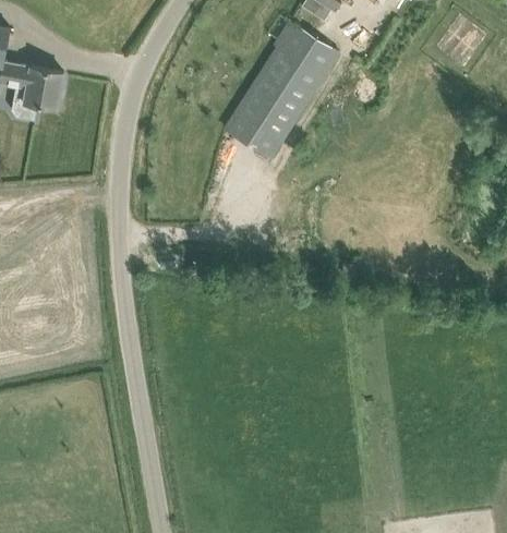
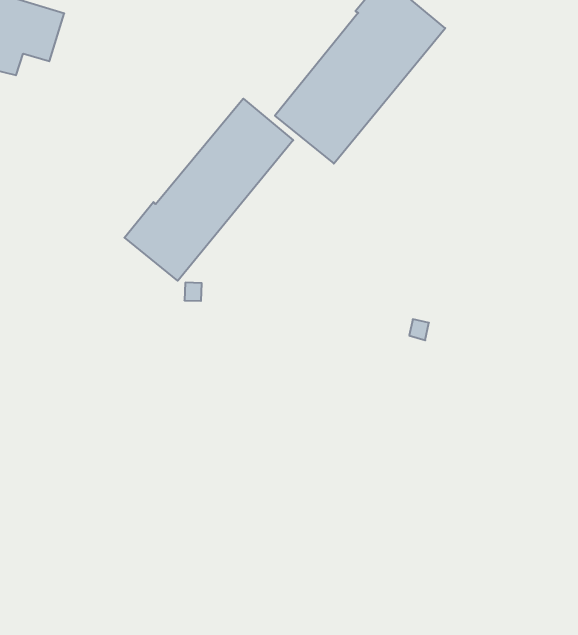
building: none -> [124,99,293,281]

